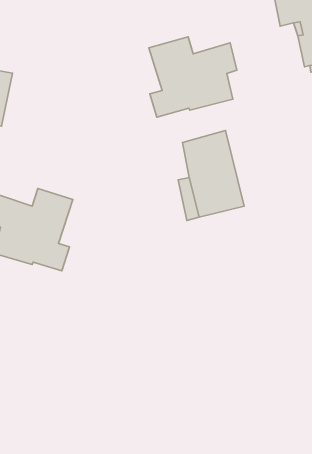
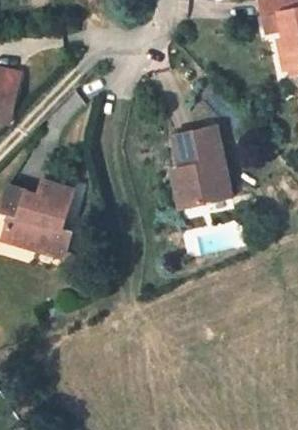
building: [149,37,237,117] -> none

